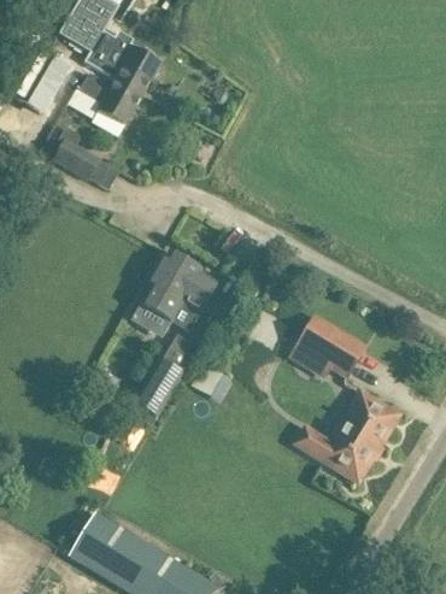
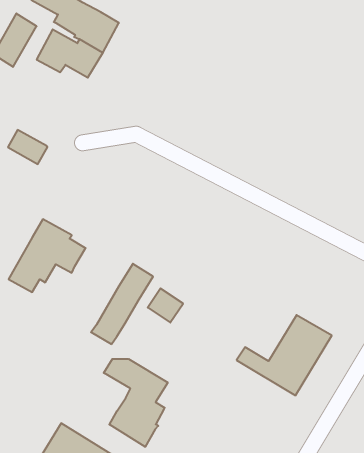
building: [55,139,100,177] -> [8,130,47,164]
building: [131,249,218,331] -> [9,219,86,292]
building: [297,314,365,375] -> none
building: none -> [104,359,168,447]

